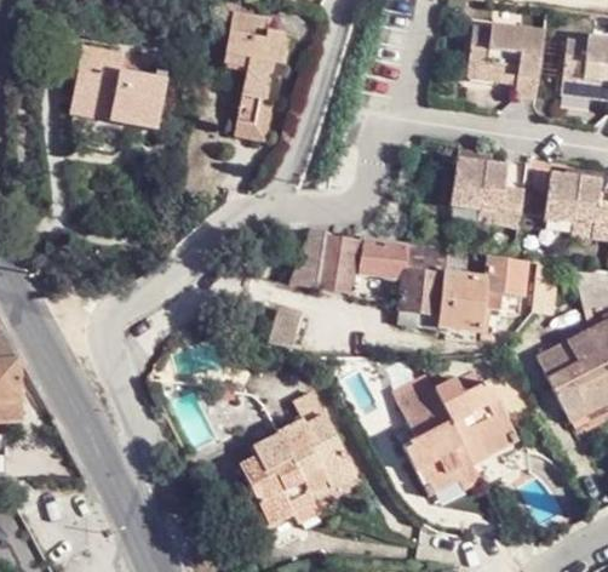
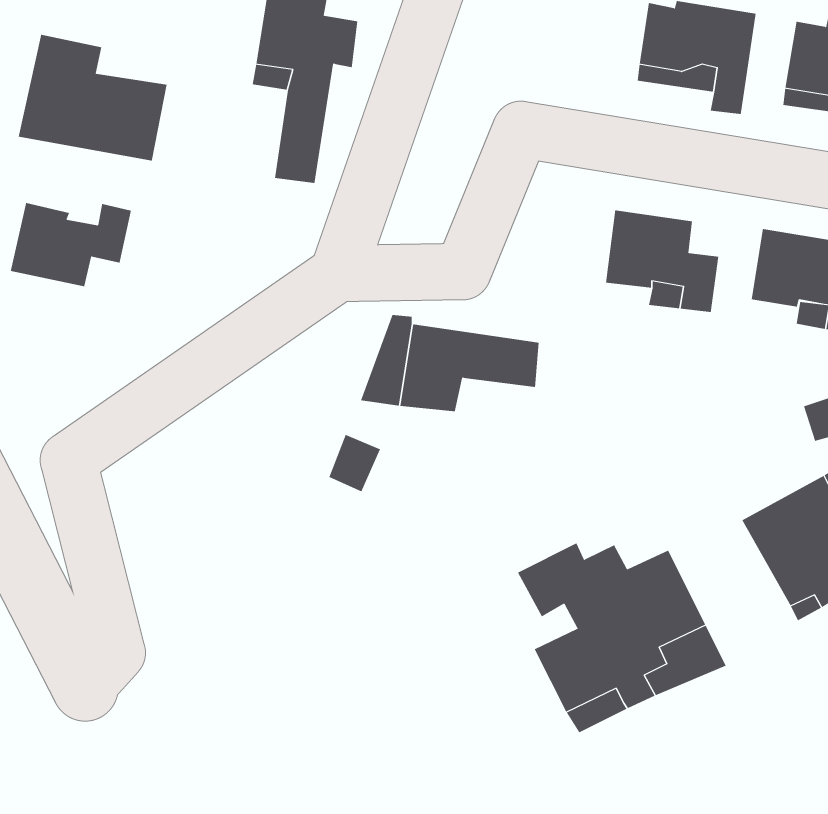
building: none -> [10,202,132,287]
building: [397,245,524,331] -> none
building: [240,387,357,525] -> none

